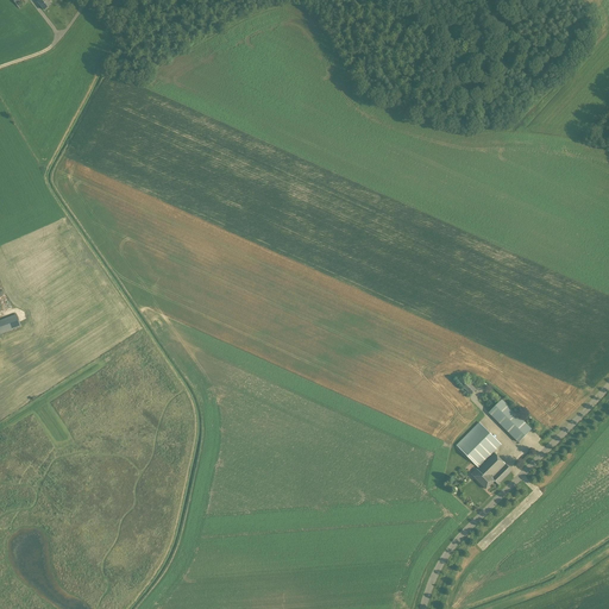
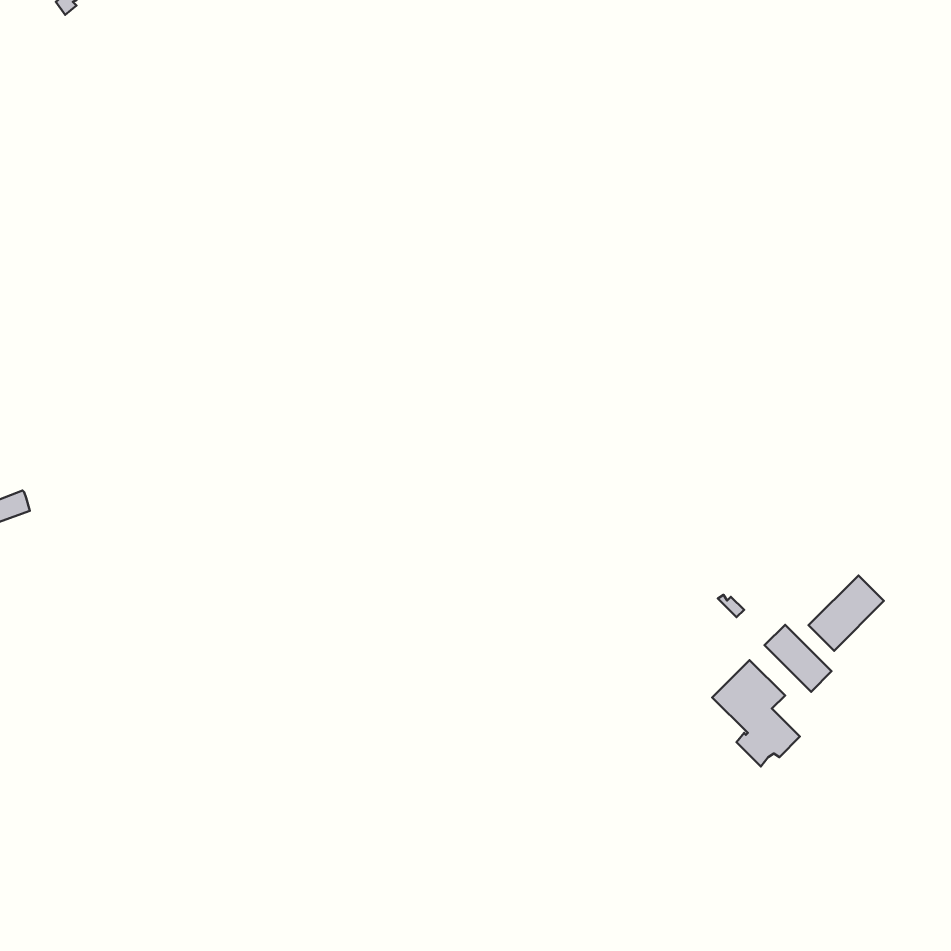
building: none -> [809,575,884,651]

